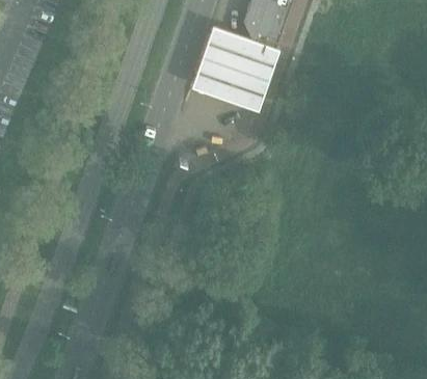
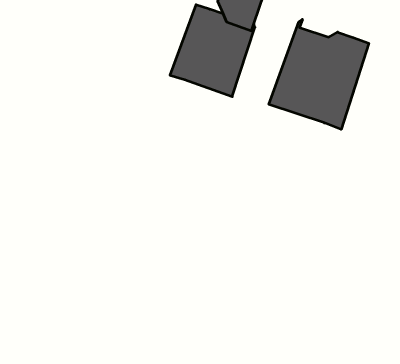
building: none -> [269,19,369,129]

